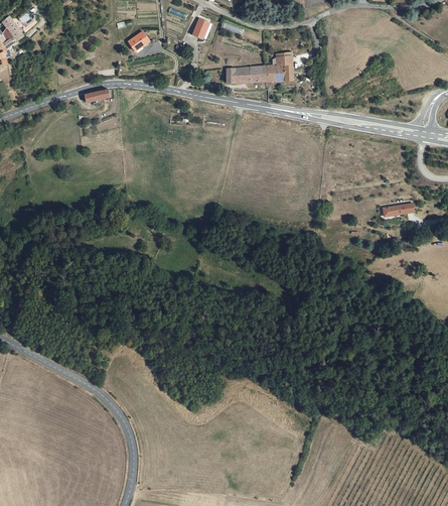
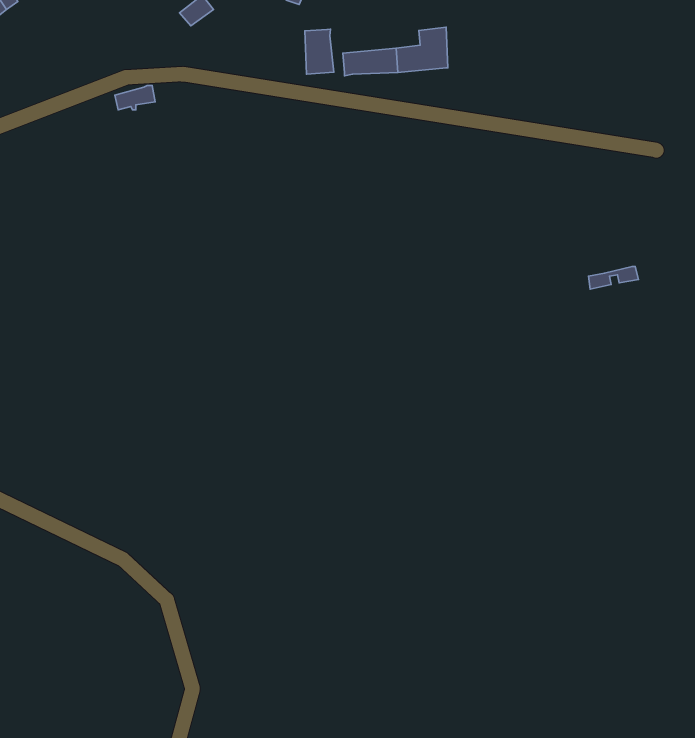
building: none -> [305,29,334,74]

